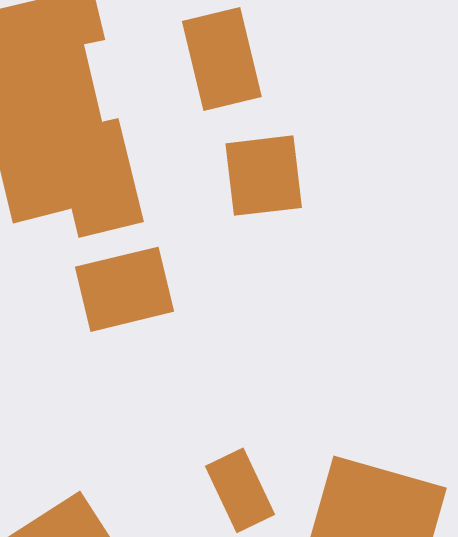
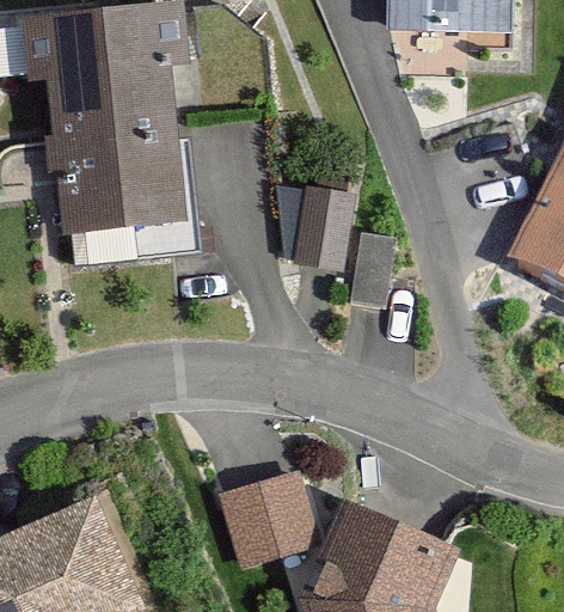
building: [181,6,263,112] -> none
building: [74,246,175,333] -> none

